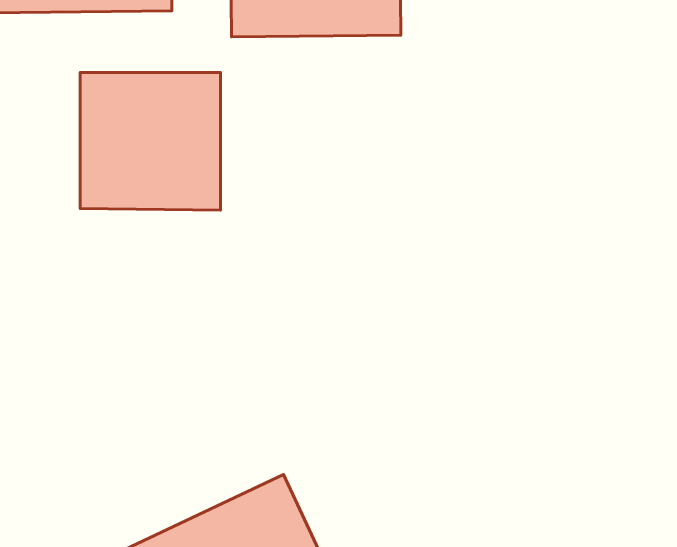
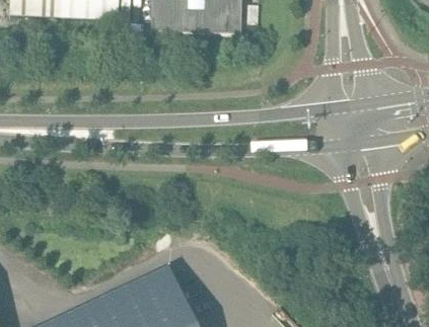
building: [80,72,221,210] -> none

